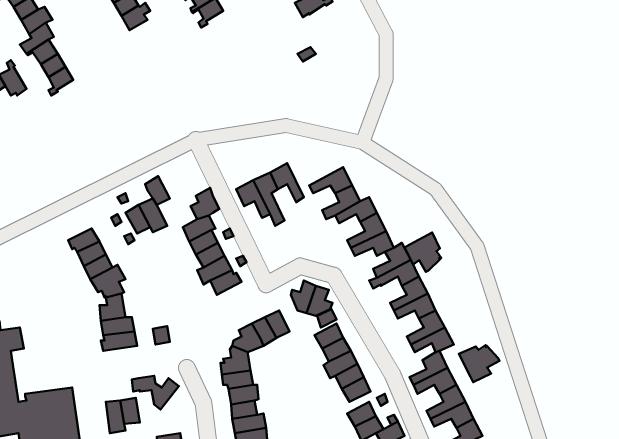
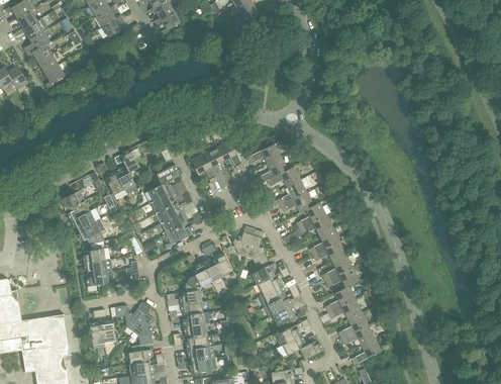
building: [405,233,441,272] -> none
building: [459,345,500,382] -> none
building: none -> [131,312,154,344]

